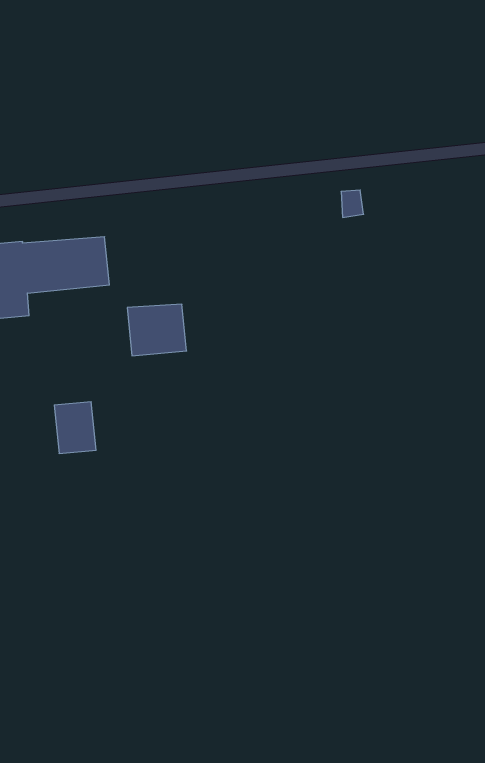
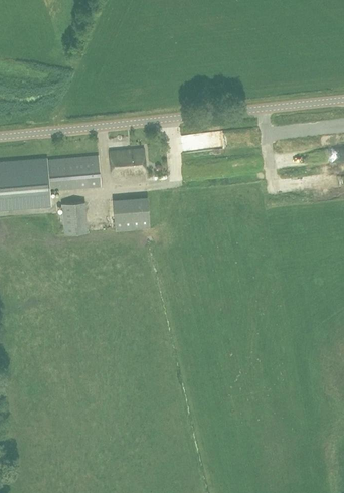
building: none -> [109,148,146,175]
building: [54,402,96,453] -> [61,201,88,233]

